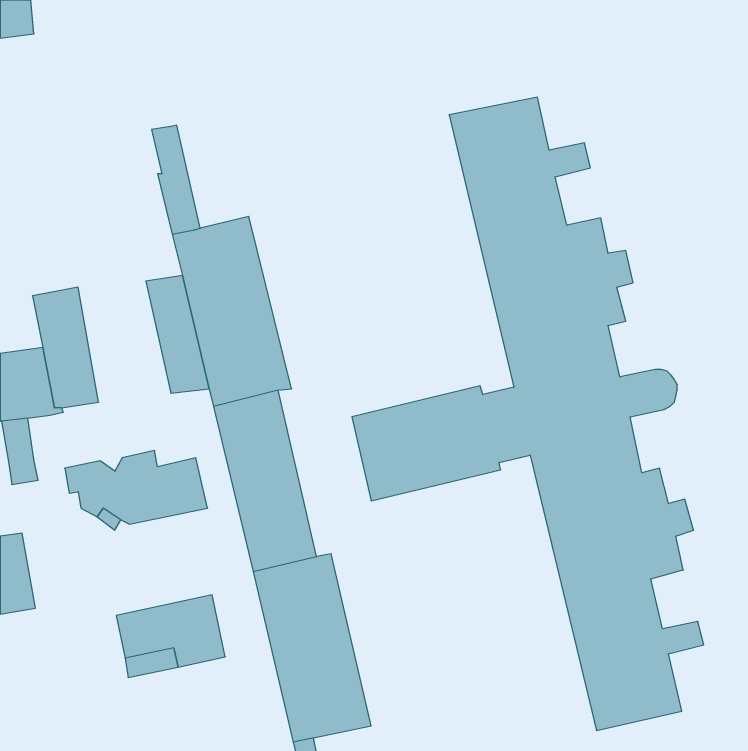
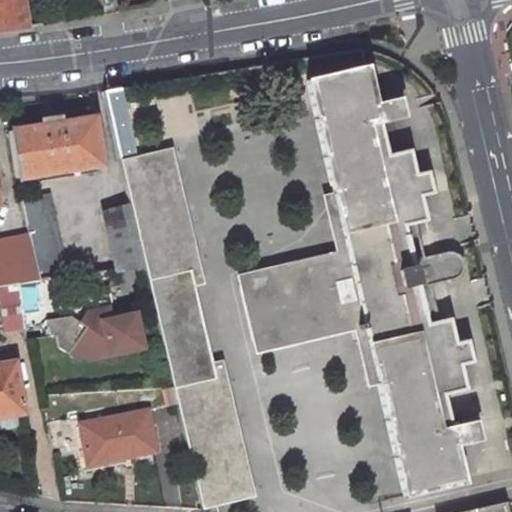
building: none -> [13,115,105,178]

